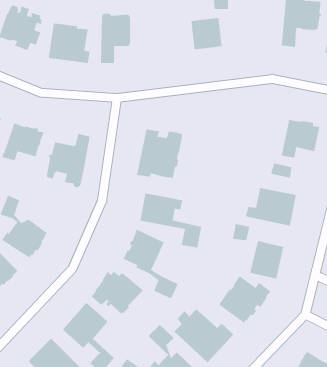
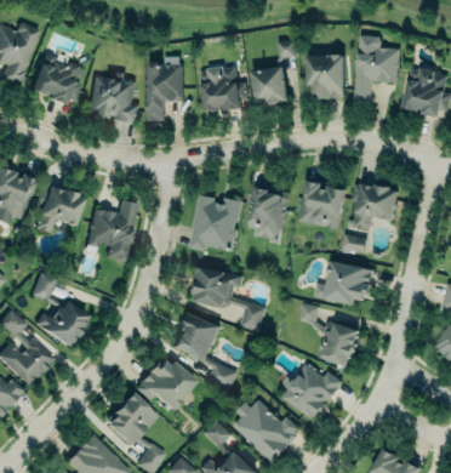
building: none -> [307,56,344,98]
building: none -> [200,67,249,114]
building: none -> [297,179,348,230]
building: none -> [249,189,289,245]

